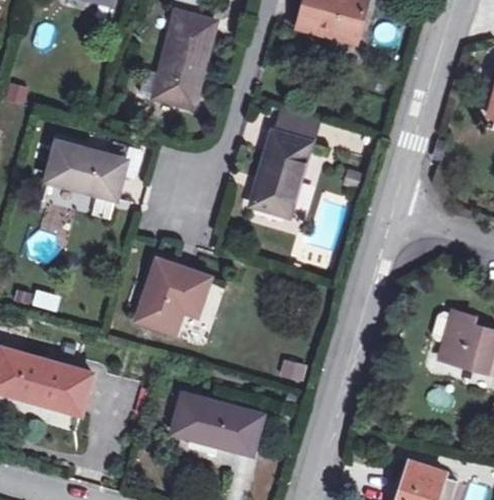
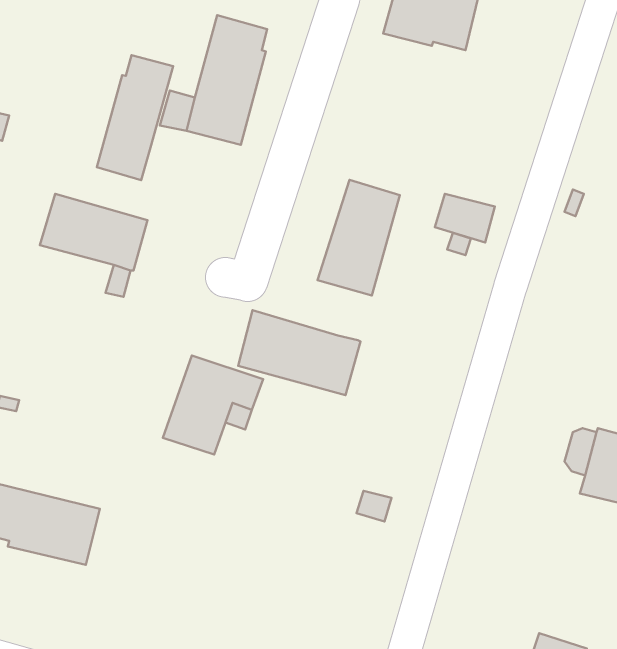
building: none -> [97,55,173,180]
building: [273,108,317,143] -> [435,194,495,243]
building: none -> [238,310,360,395]
building: [173,394,260,450] -> none

